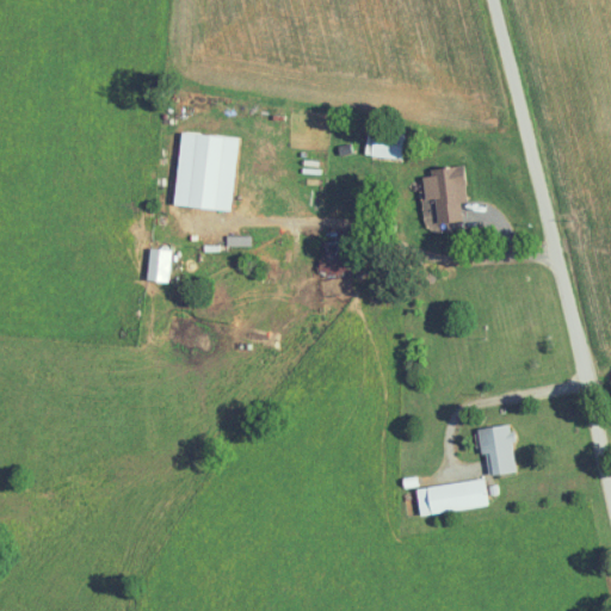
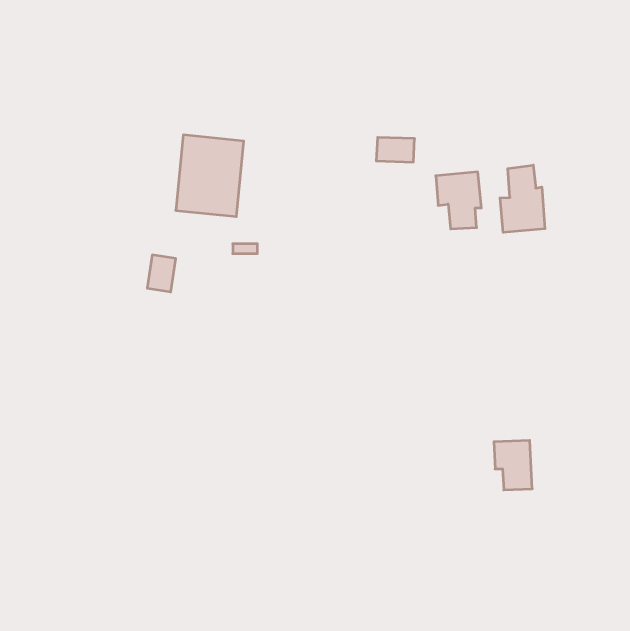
building: none -> [500,165,545,232]
building: [416,480,487,514] -> none

